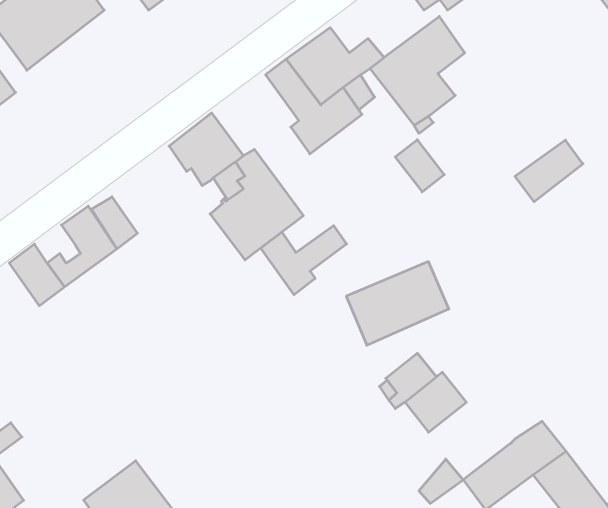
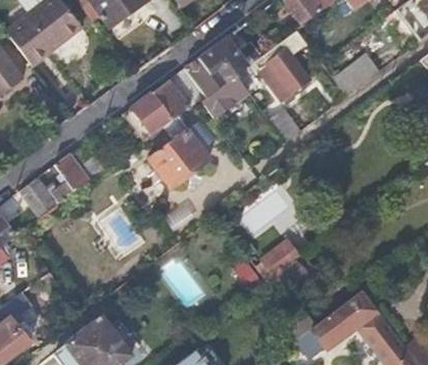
building: none -> [150,67,206,120]
building: [515,140,583,202] -> [335,57,379,97]
building: [261,226,347,295] -> none

